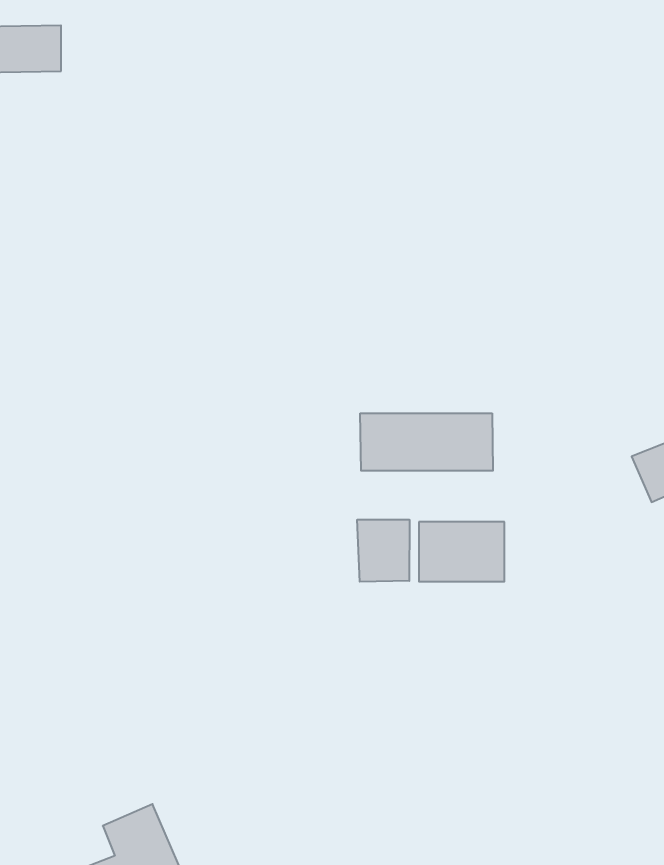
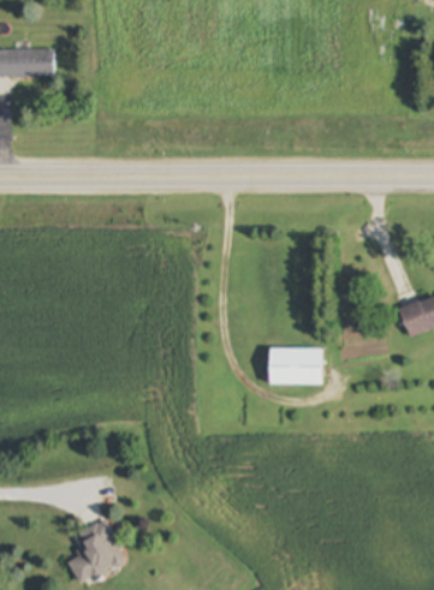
building: [360,413,493,471] -> none
building: [357,520,409,582] -> none

